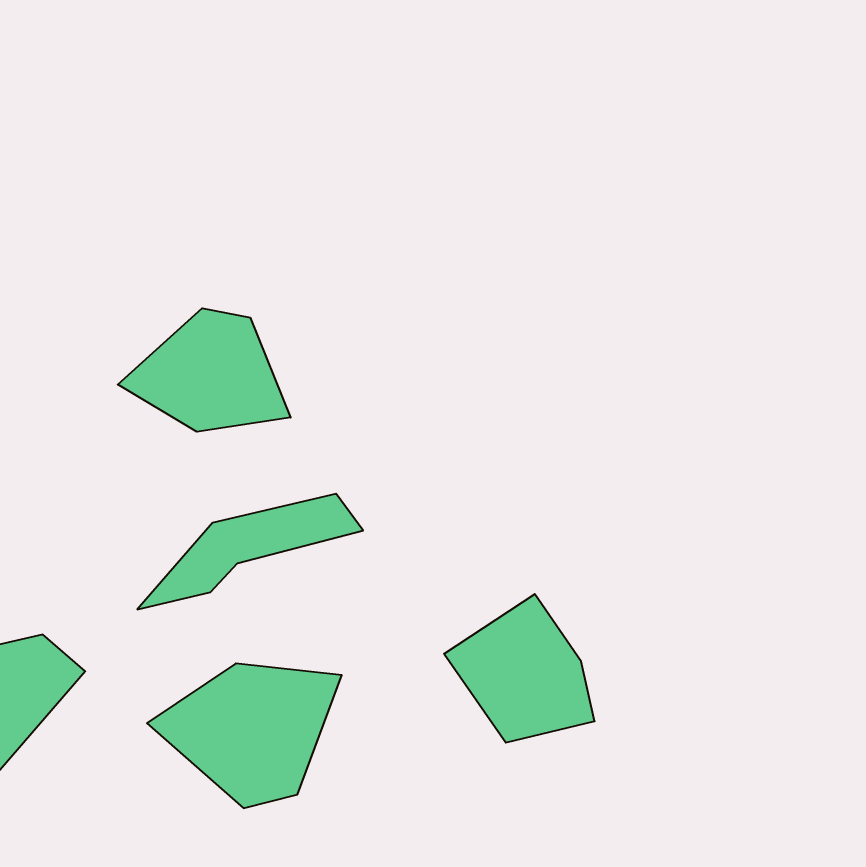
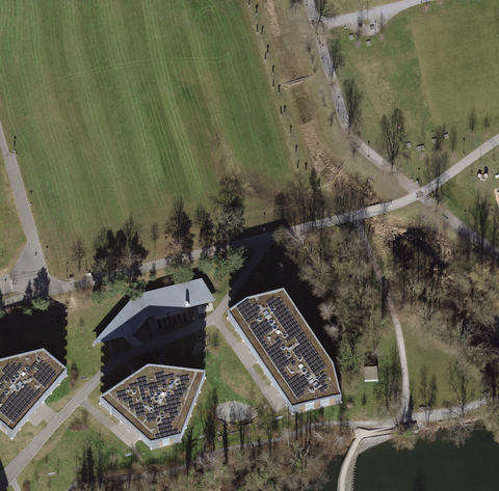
building: [118,308,291,432] -> none
building: none -> [228,290,309,359]

